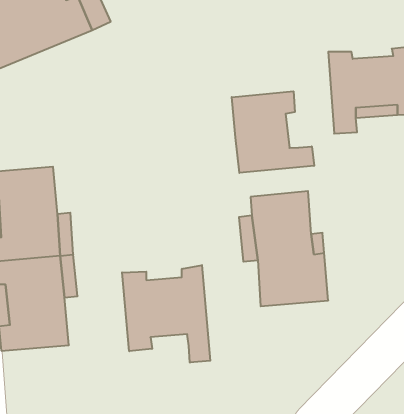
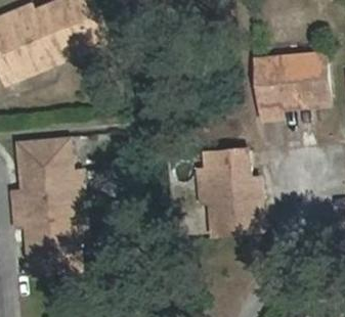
building: [232,91,314,173] -> none
building: [122,265,210,363] -> none

